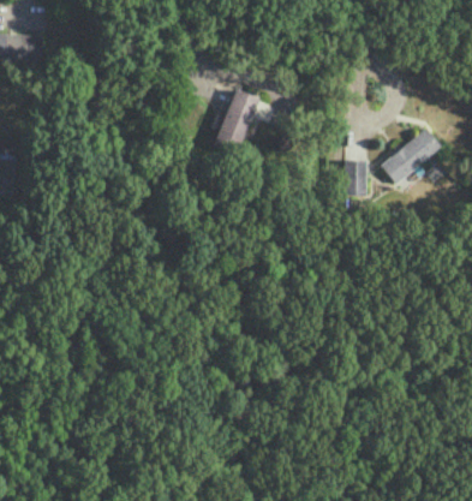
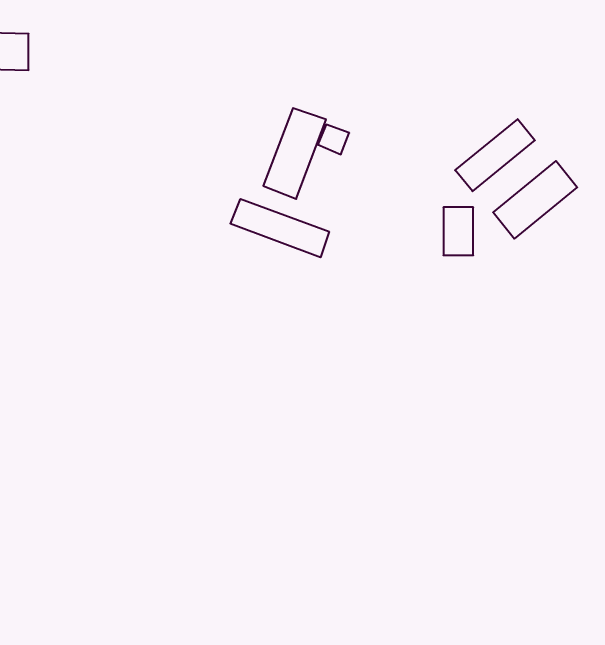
building: none -> [455,119,535,191]
building: none -> [230,199,329,257]

